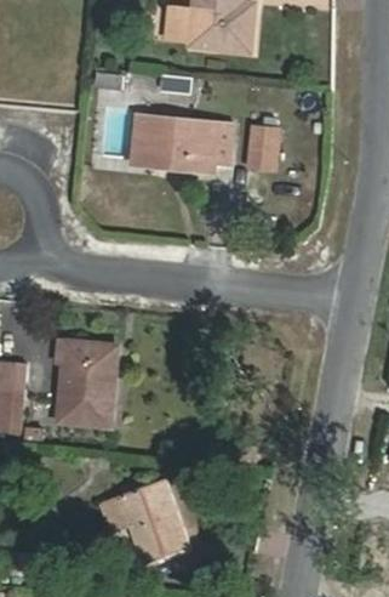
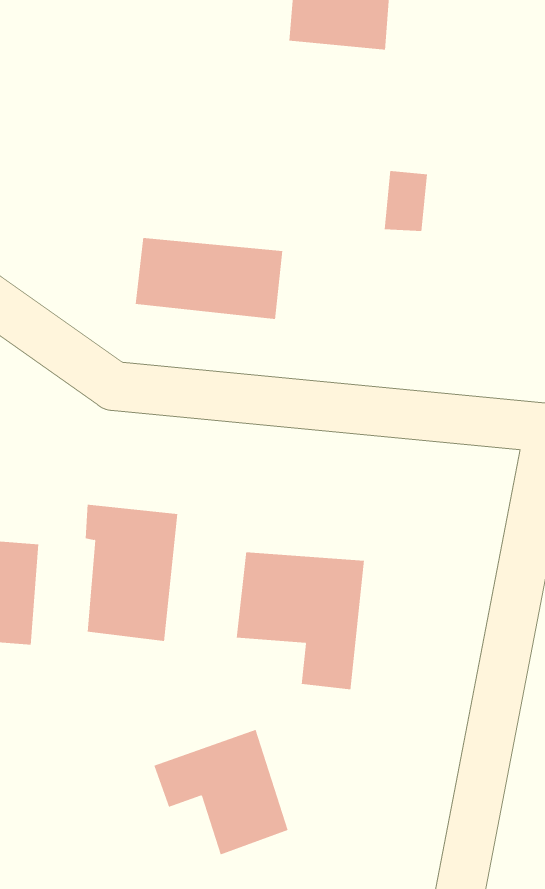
building: [135,115,229,167] -> [135,237,283,319]
building: none -> [236,551,364,690]

